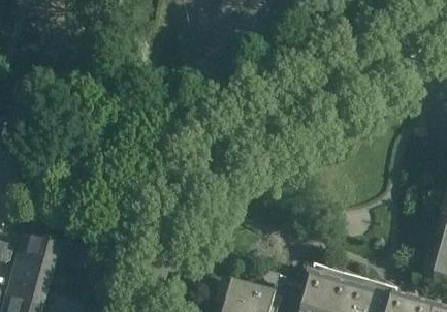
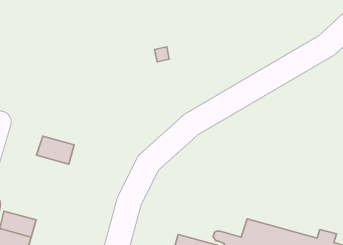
building: [17,232,61,266] -> [37,136,74,164]

